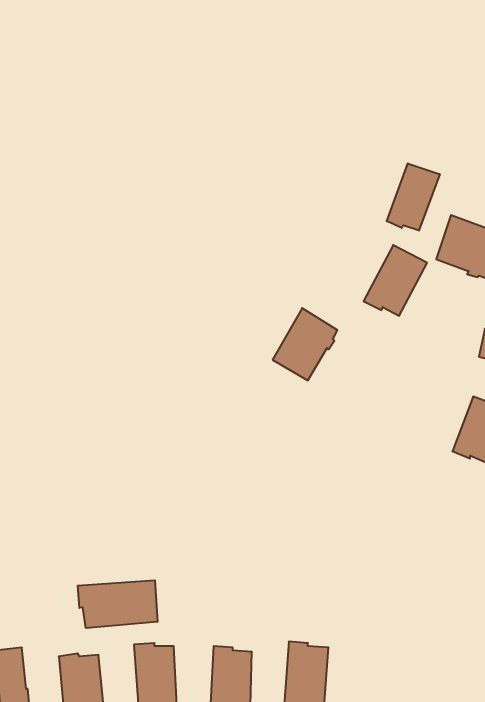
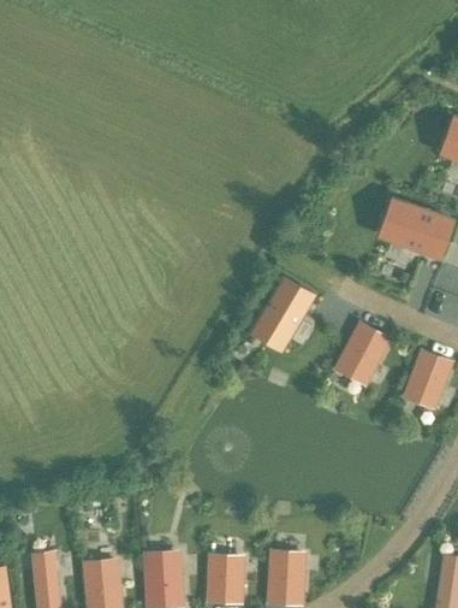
building: [387,163,440,231] -> none
building: [364,245,427,316] -> [337,324,388,382]
building: [78,580,158,628] -> none

